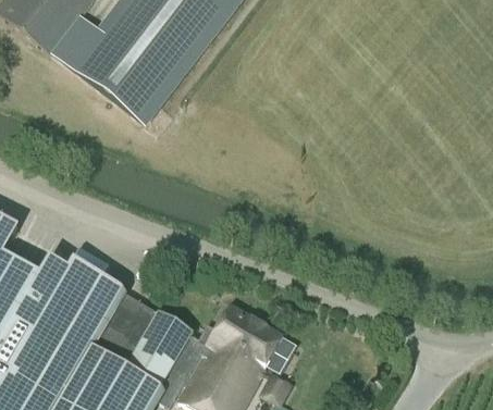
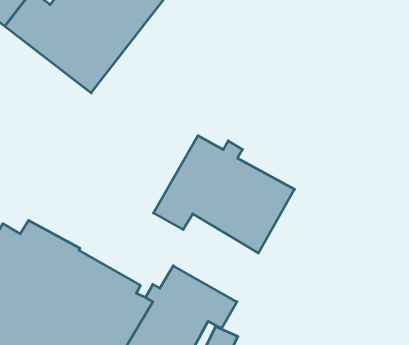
building: none -> [153,136,295,253]

